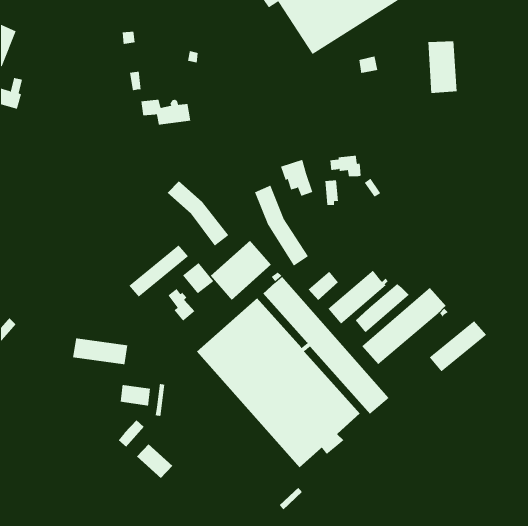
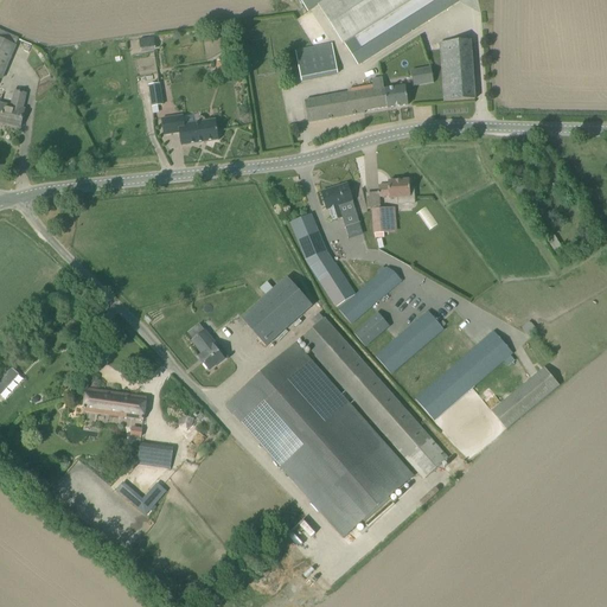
building: none -> [294,41,338,79]
building: [427,41,457,94] -> [440,39,474,100]
building: none -> [305,76,408,121]
building: [167,180,229,246] -> none
building: [128,245,189,297] -> none
building: [182,262,214,294] -> none
building: [355,283,410,333] -> [339,266,402,322]
building: [136,444,173,479] -> none

